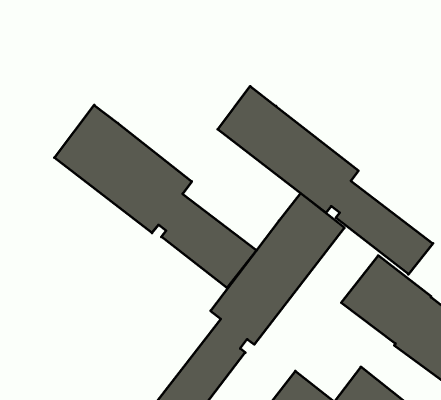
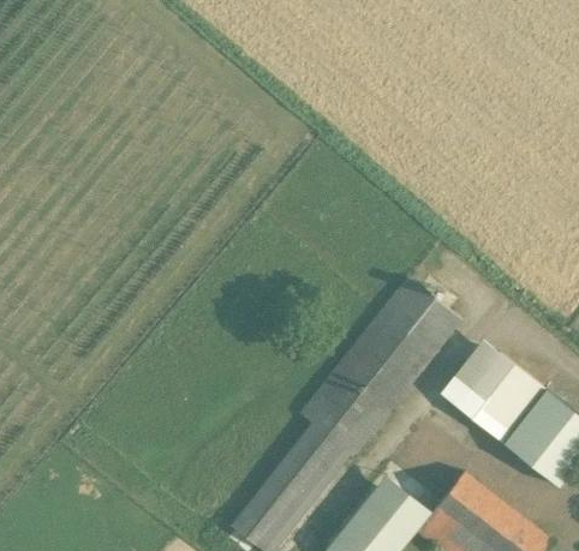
building: [218,86,433,274] -> none
building: [54,105,257,288] -> none

